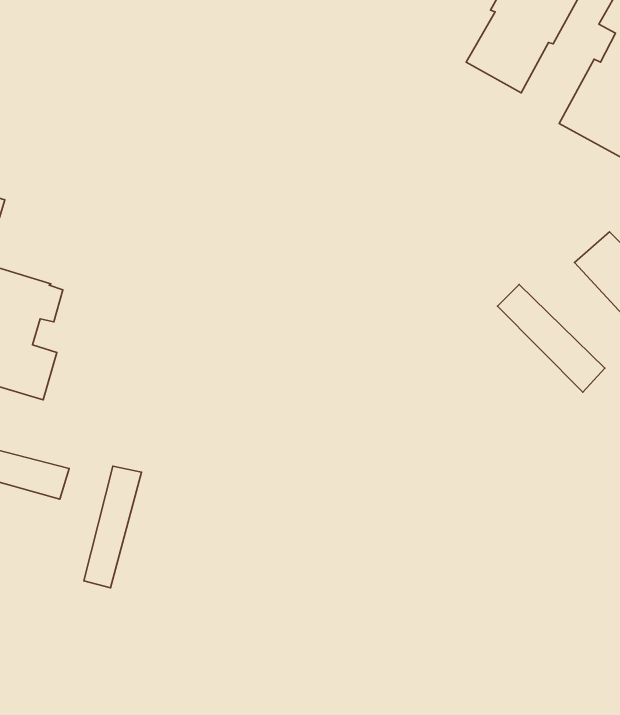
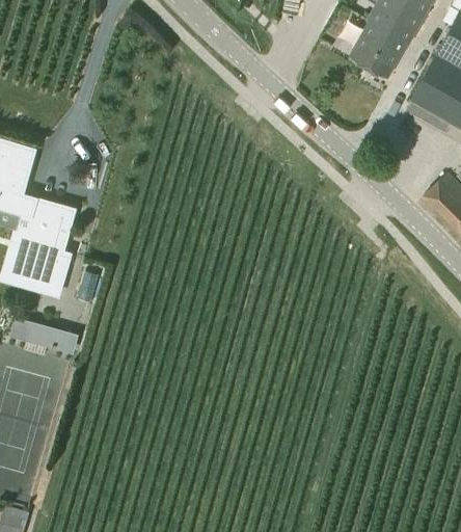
building: [498,285,605,392] -> none
building: [84,466,141,588] -> none

